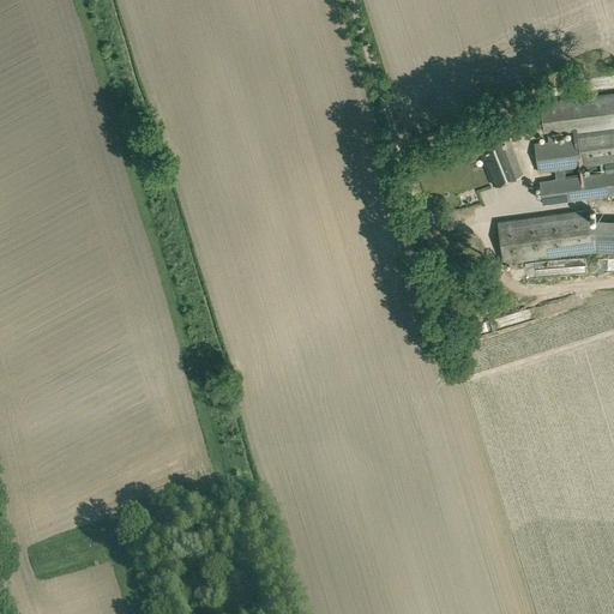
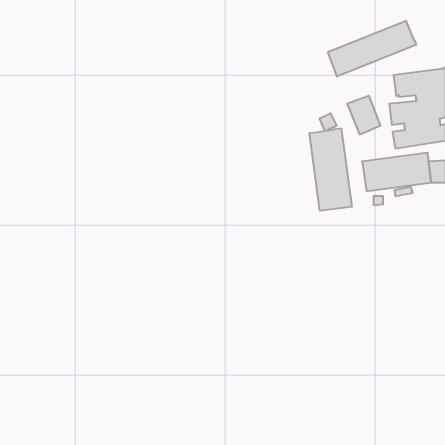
building: none -> [328,21,416,77]
building: none -> [309,128,352,211]

